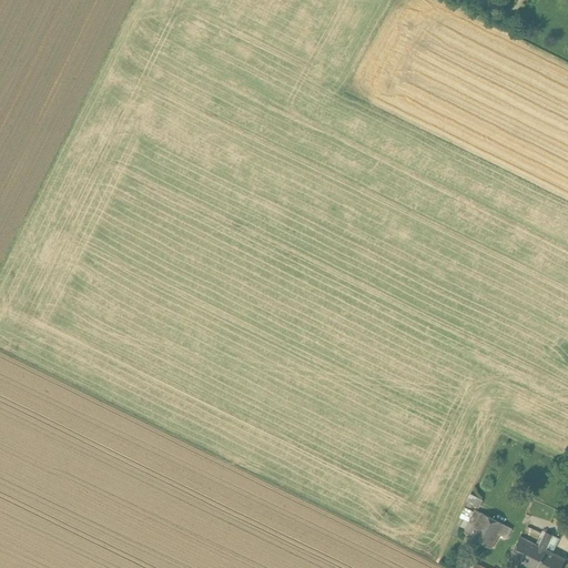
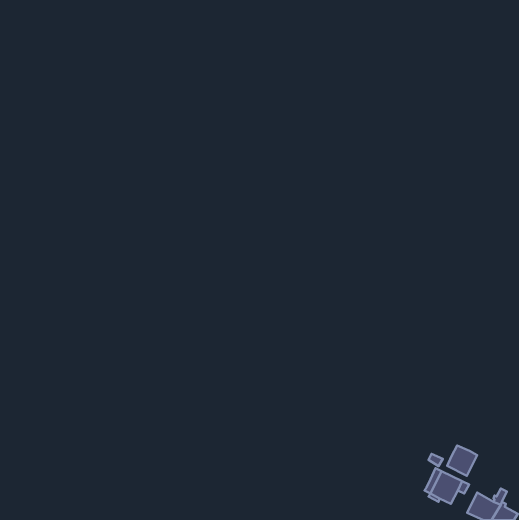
building: none -> [447,445,477,476]

